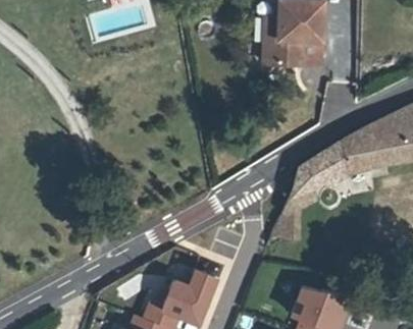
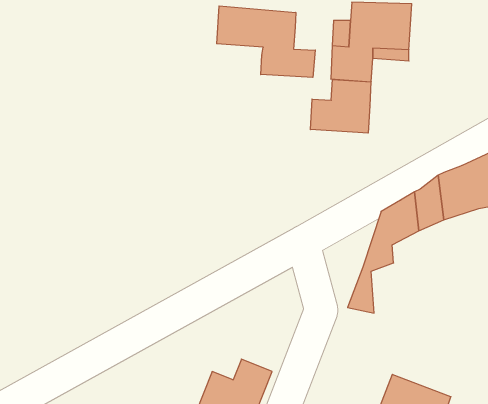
building: none -> [217,6,315,77]
building: none -> [310,79,371,133]

